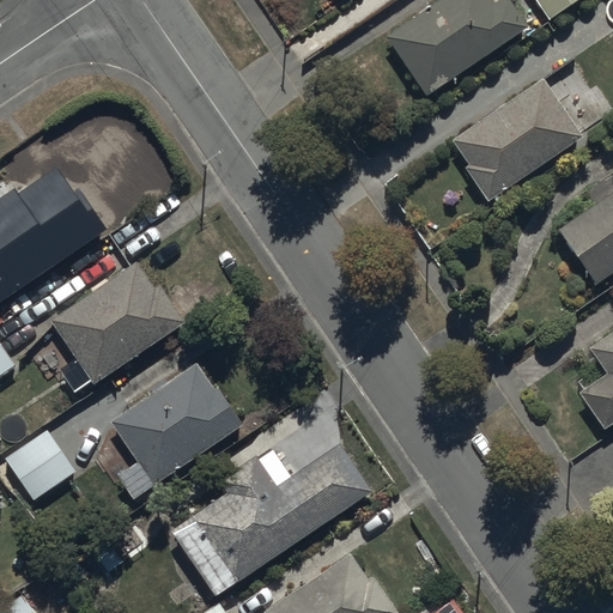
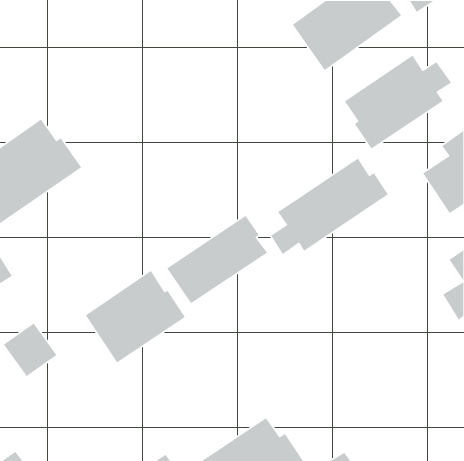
building: none -> [270,158,389,255]
building: [50,263,184,393] -> none
building: none -> [166,215,268,304]
building: [171,439,374,595] -> none

